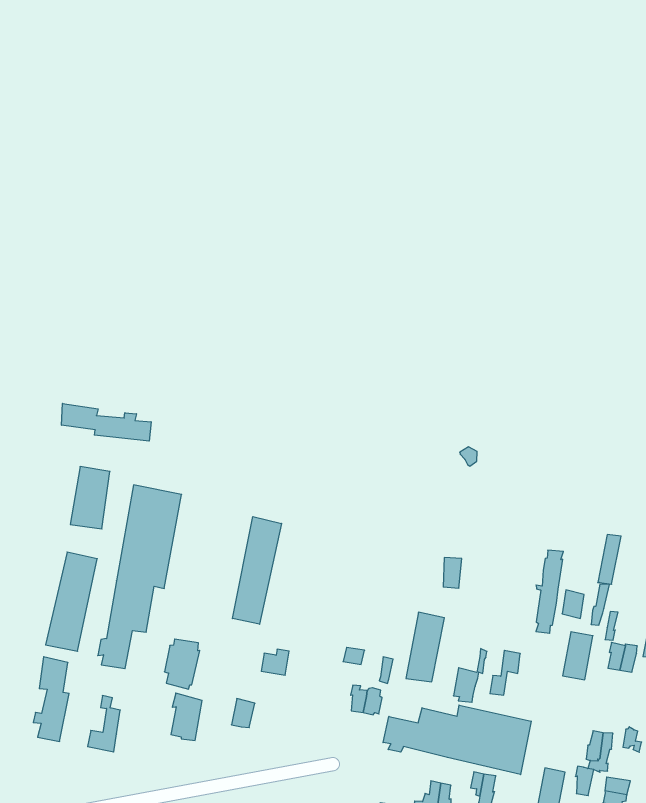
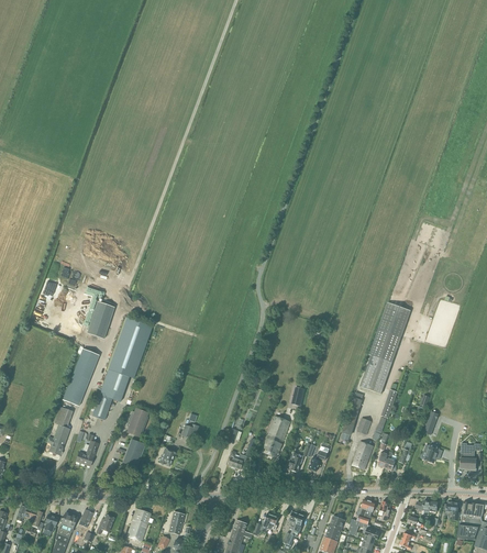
building: none -> [361,302,410,394]
building: [62,403,151,441] -> none
building: [232,517,282,624] -> none
building: [383,705,531,775] -> none

